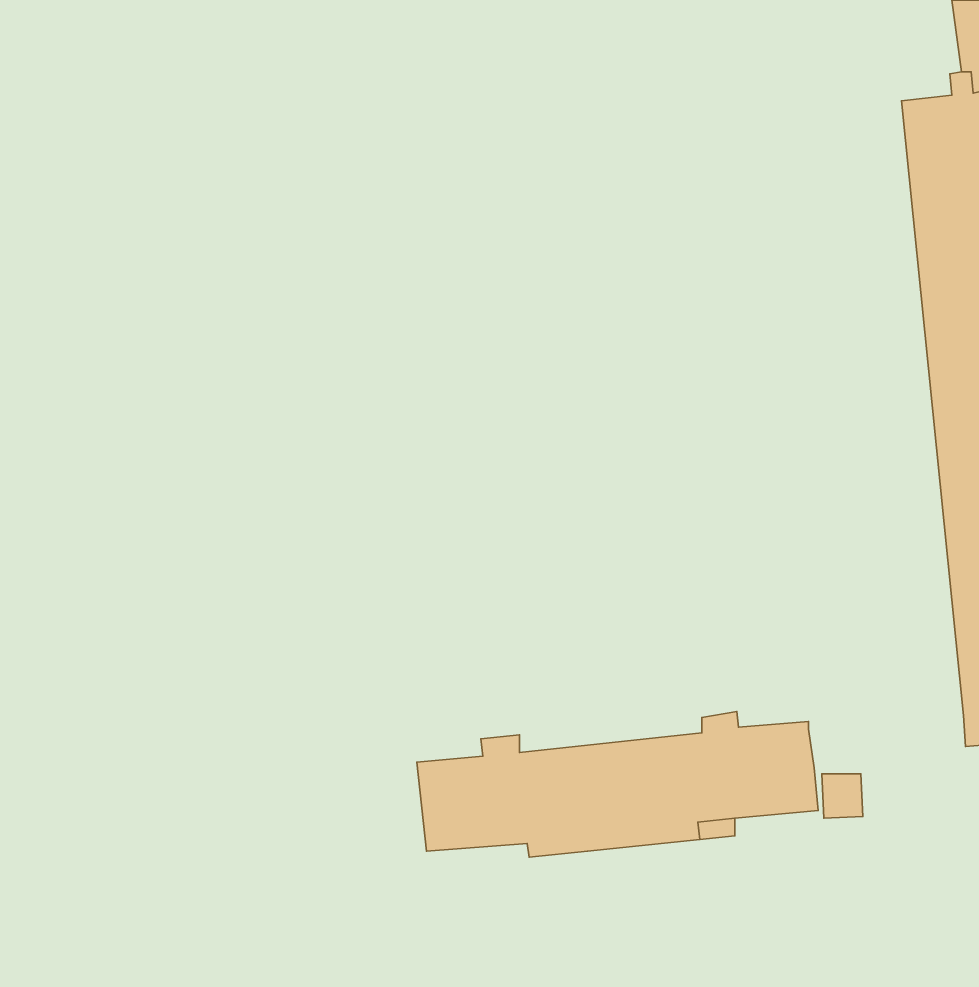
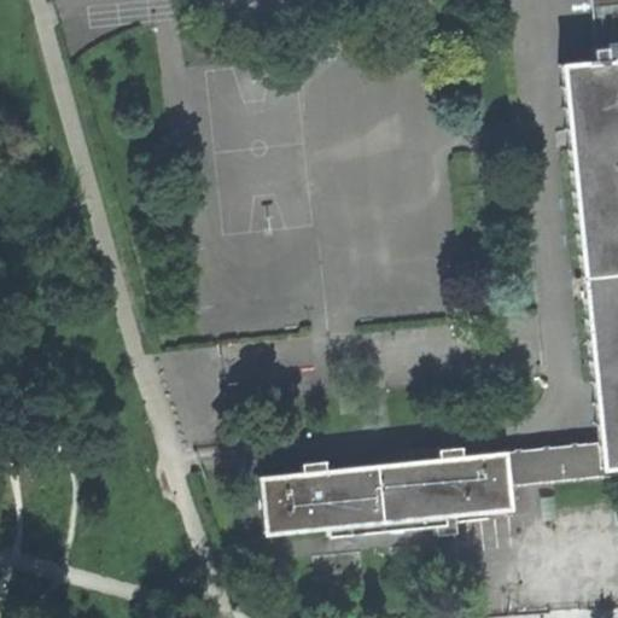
building: none -> [511,448,608,480]

